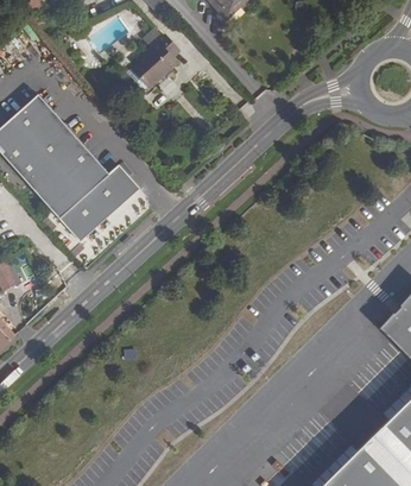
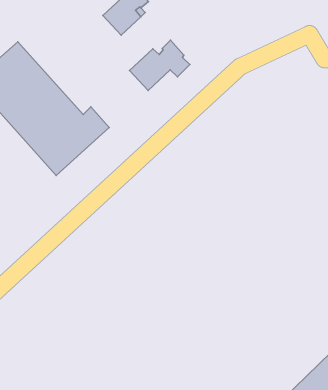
building: none -> [130,40,190,90]

